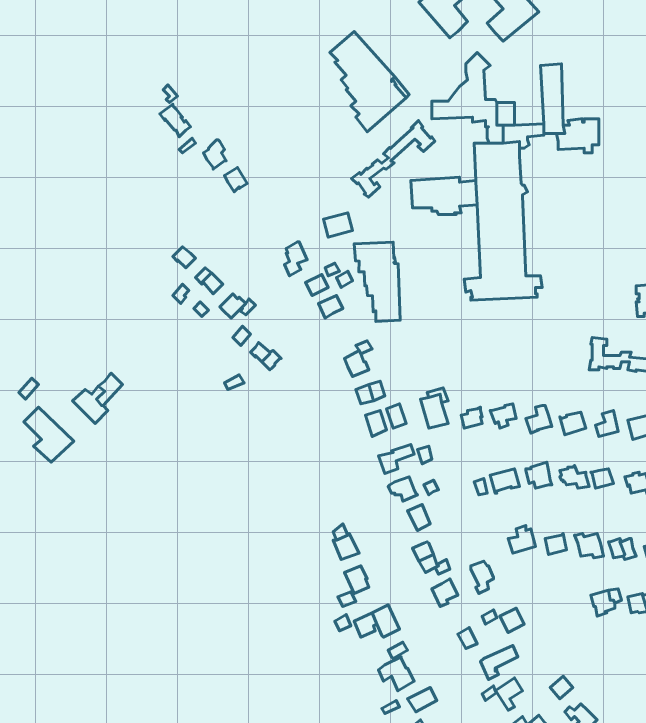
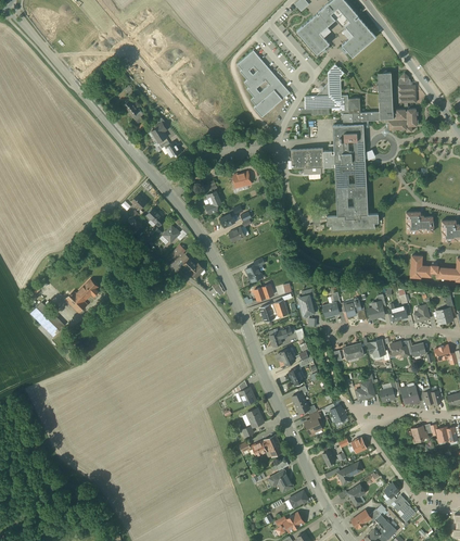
building: none -> [398,73,417,111]
building: [351,121,435,197] -> none
building: [354,242,400,321] -> none
building: none -> [406,212,433,232]

